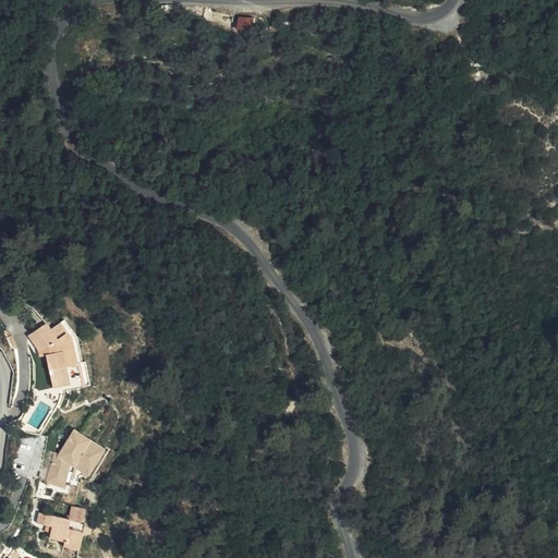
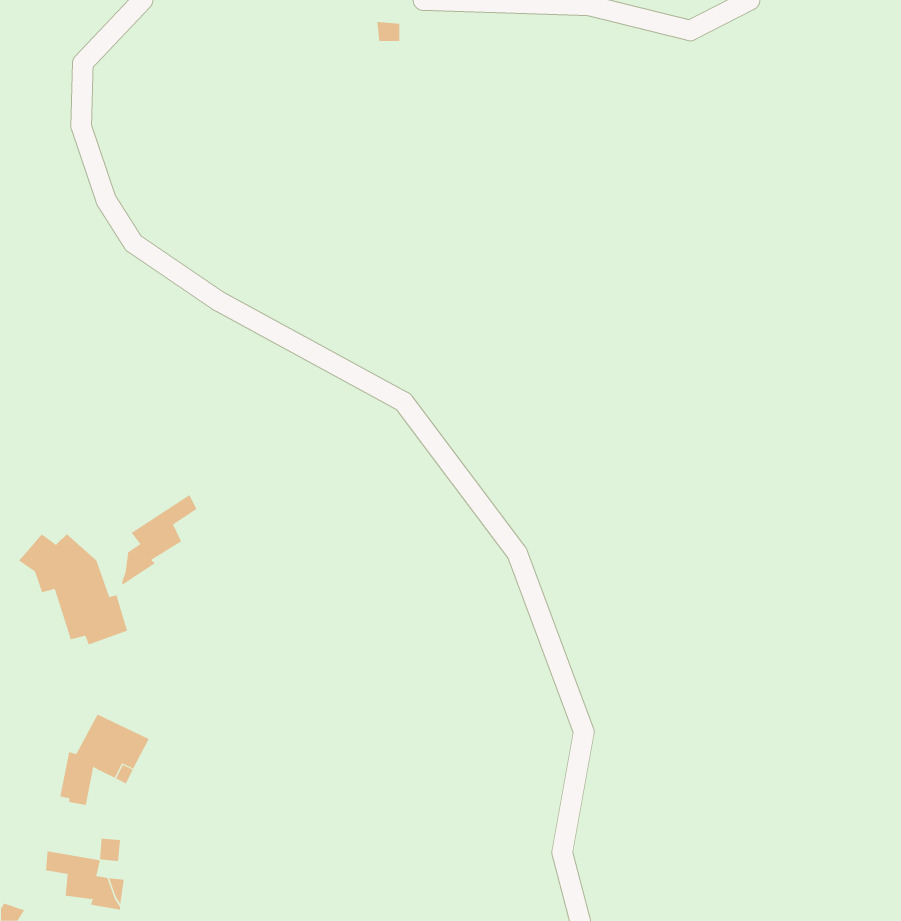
building: none -> [122,494,197,585]

